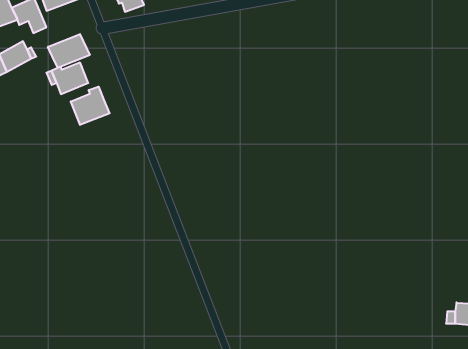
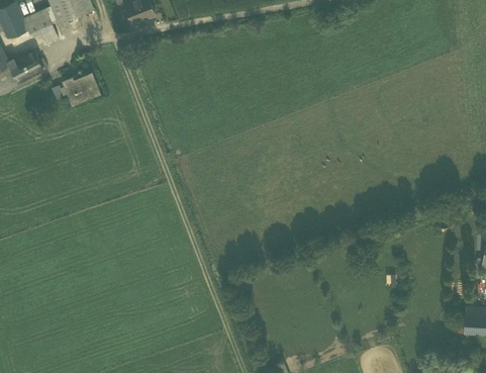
building: [48,34,90,68] -> none
building: [71,87,110,125] -> none

